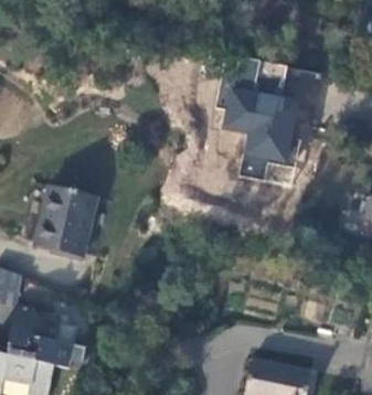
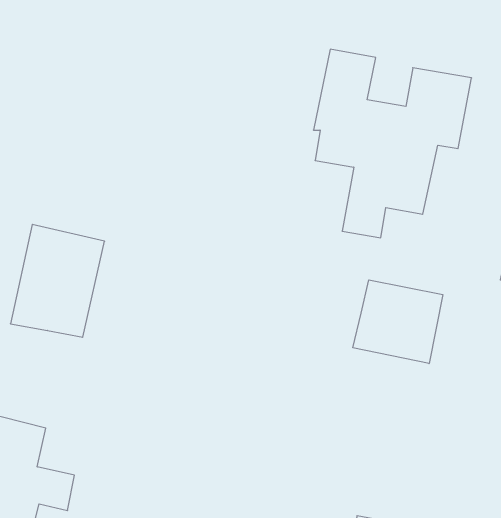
building: none -> [353,280,443,364]

